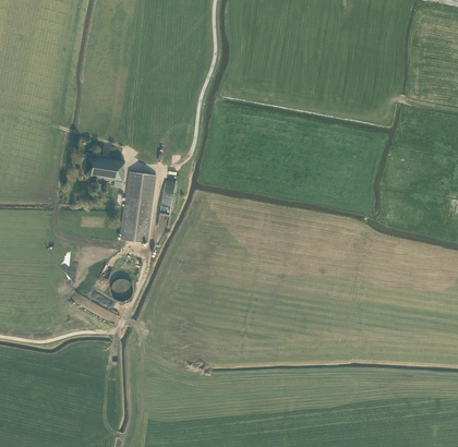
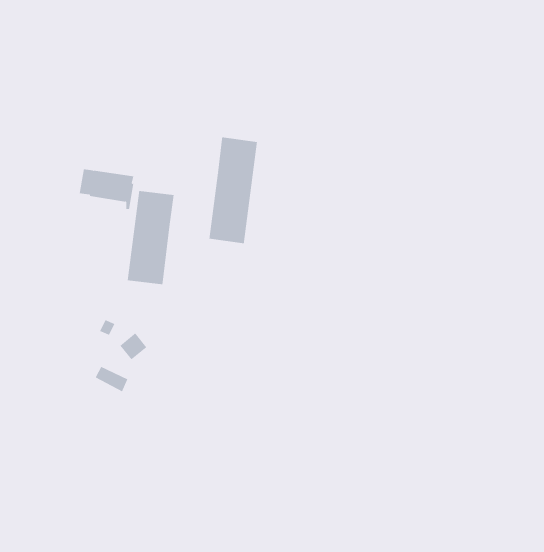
building: none -> [209,136,257,244]

